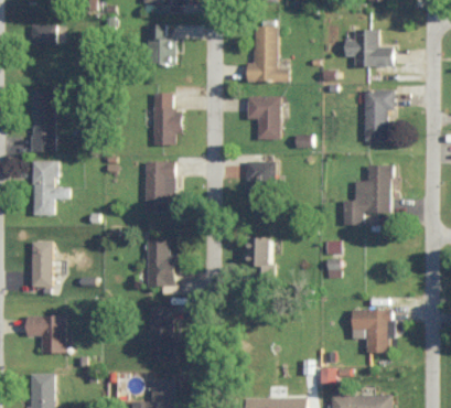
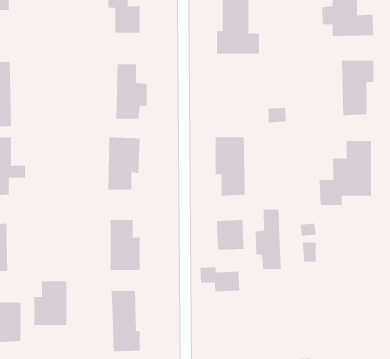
building: [246,96,279,139] -> none
building: none -> [255,209,281,270]
building: none -> [200,266,240,292]
building: none -> [34,281,67,326]
building: [352,309,394,353] -> none

